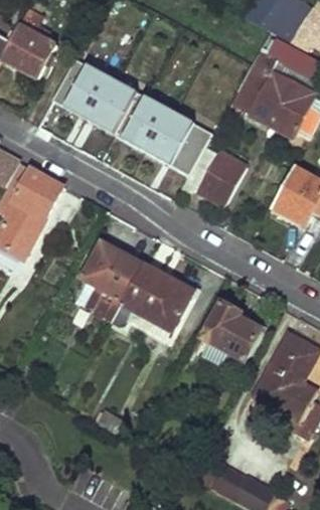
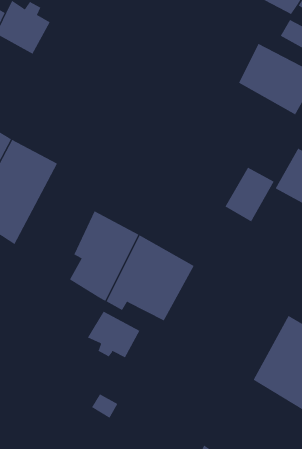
building: [50,56,211,168] -> none
building: [198,153,247,206] -> [224,167,275,222]
building: [201,306,262,362] -> none
building: none -> [87,311,140,358]

